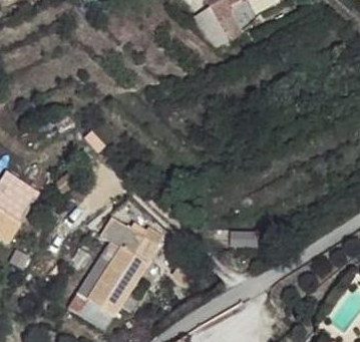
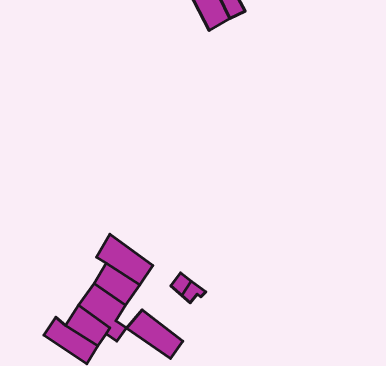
building: none -> [126,310,183,359]

